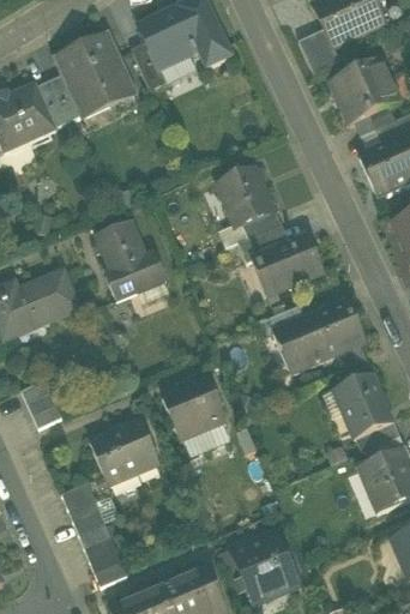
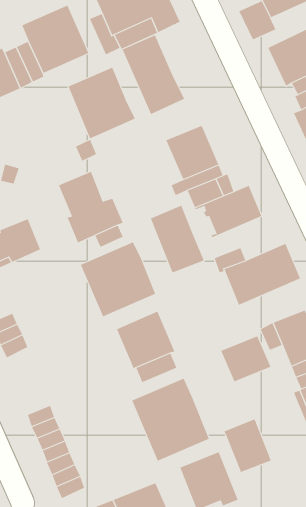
building: none -> [122,34,185,115]
building: none -> [68,67,136,139]
building: none -> [150,205,205,273]
building: none -> [80,241,156,317]
building: none -> [220,335,271,382]
building: [92,417,159,483] -> none
building: none -> [131,378,210,461]
building: none -> [224,418,271,473]

